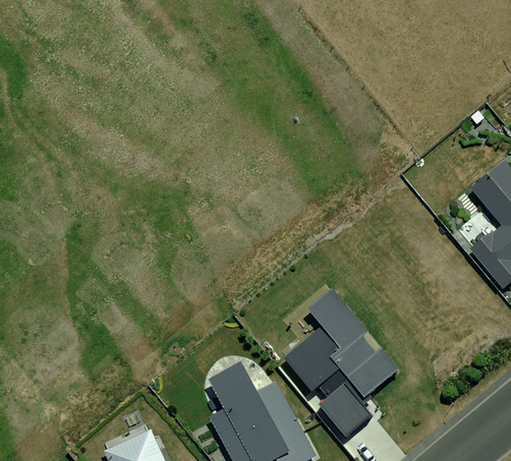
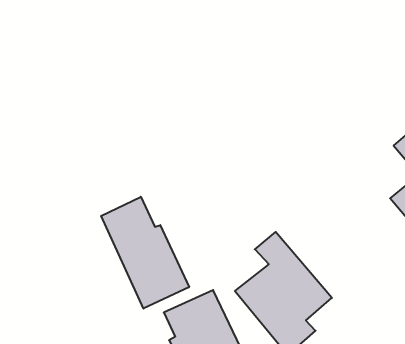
building: none -> [101,197,189,309]

